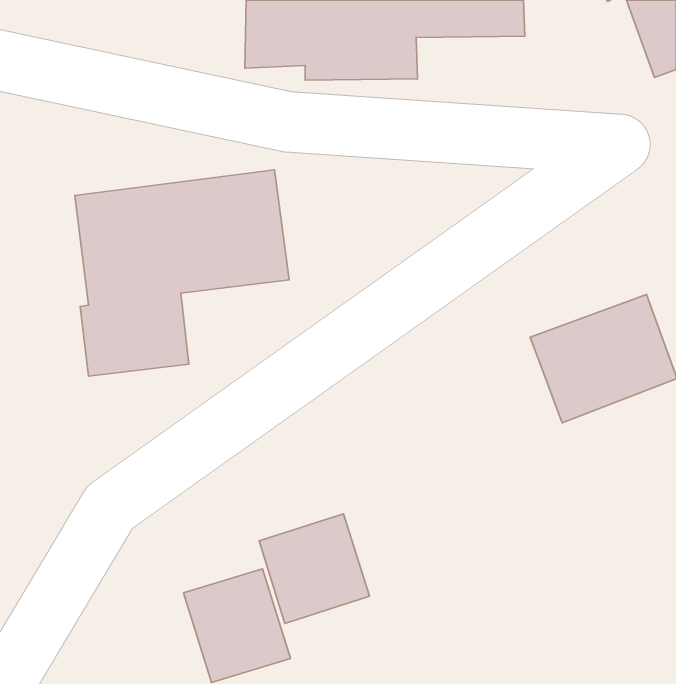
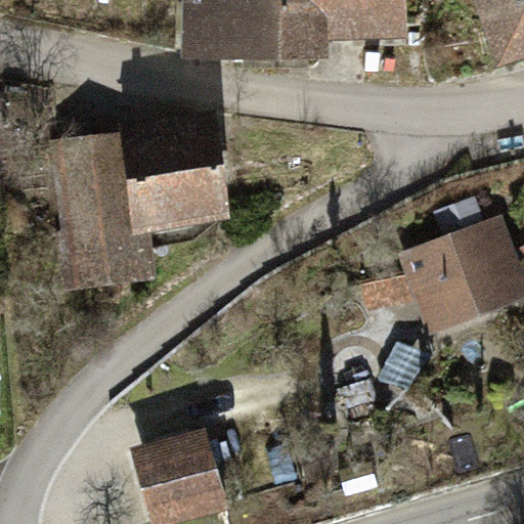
building: [259,514,370,623] -> none

